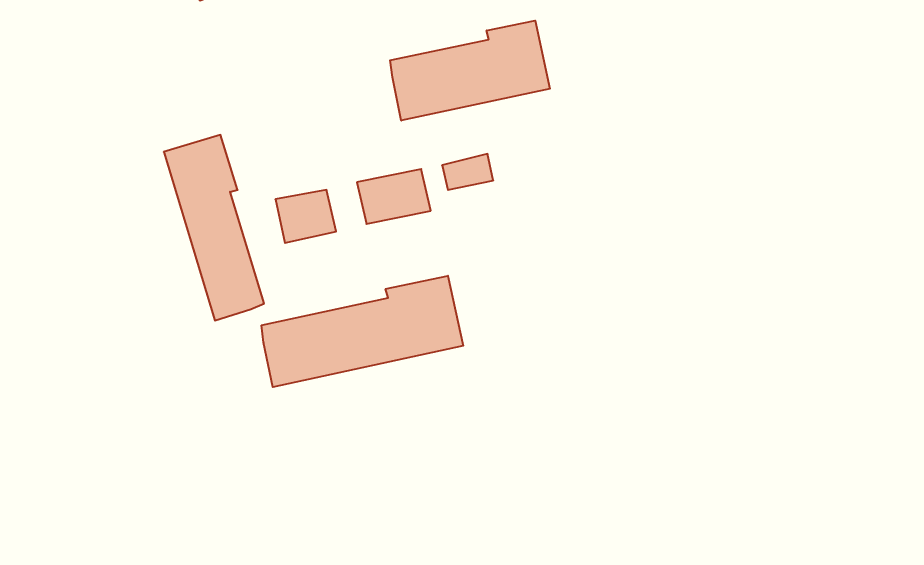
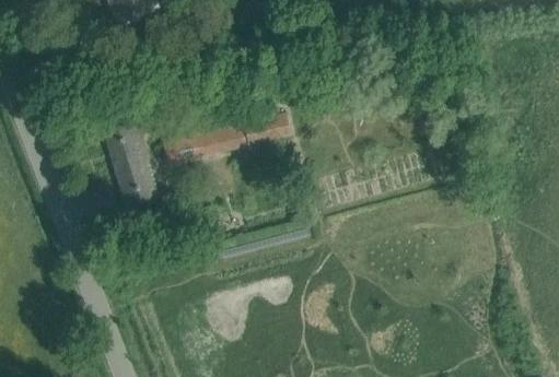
building: [390,21,550,121] -> none
building: [262,276,463,387] -> none

